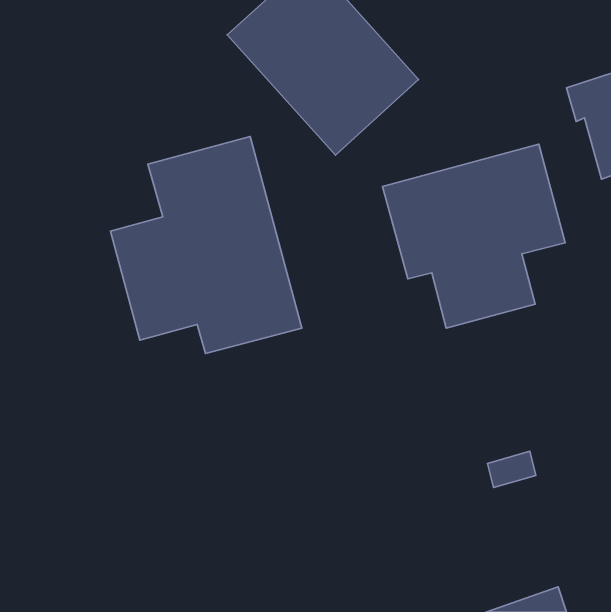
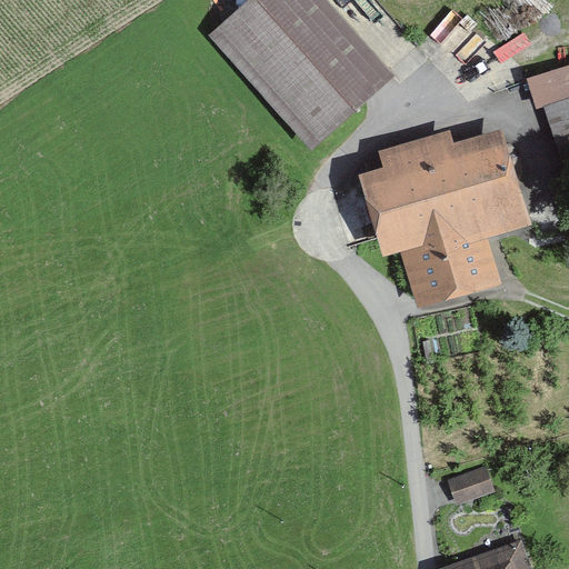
building: [111,137,302,354] -> none
building: [488,451,536,487] -> [450,470,495,503]

